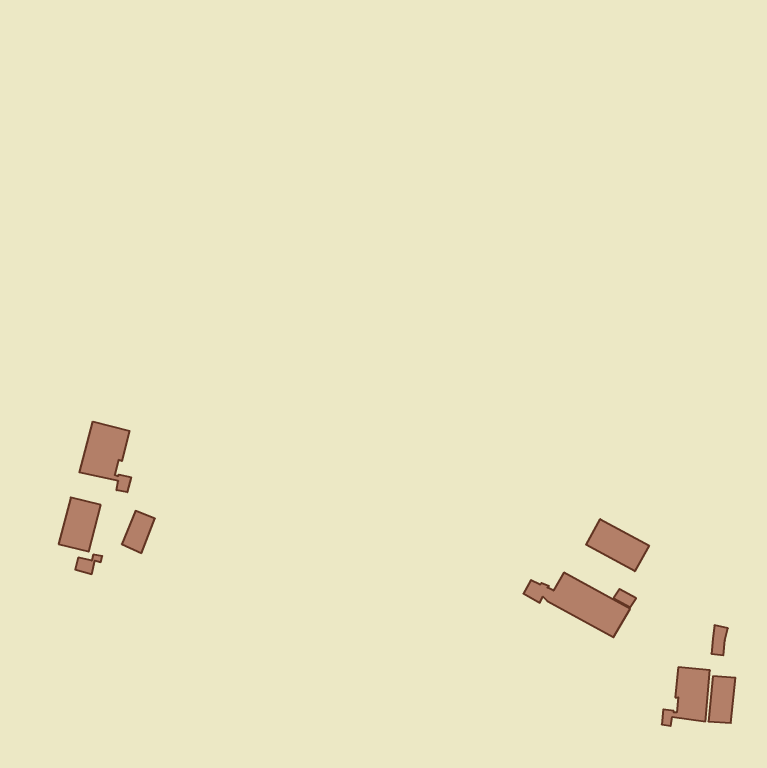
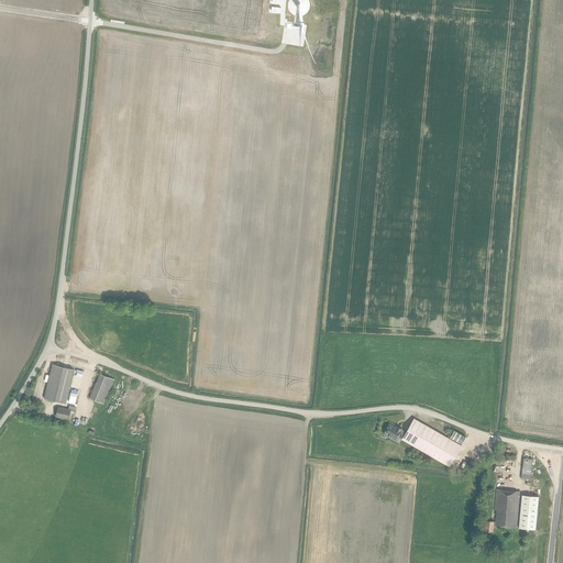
building: [79,422,131,492] -> none
building: [586,519,649,571] -> none

